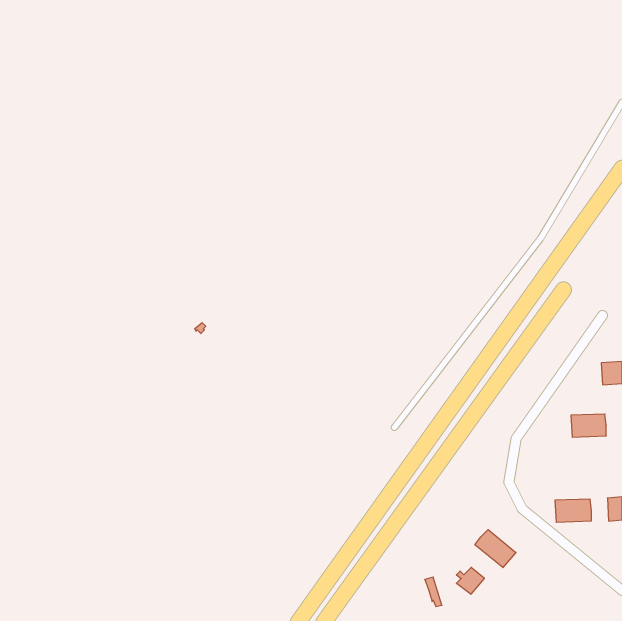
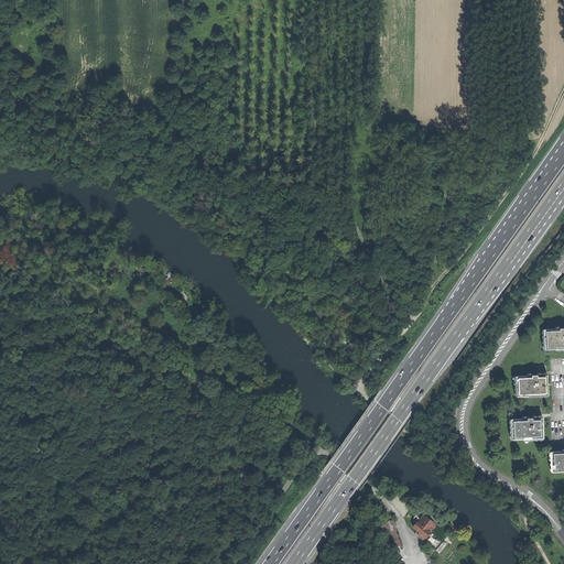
building: [555,499,591,522] -> [509,419,542,440]
building: [475,530,516,568] -> none

